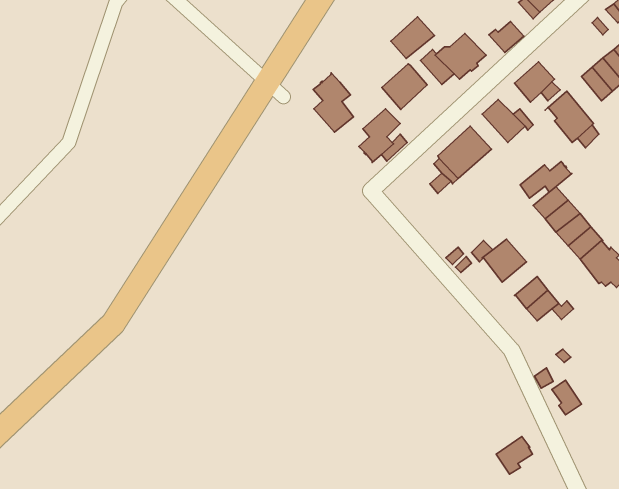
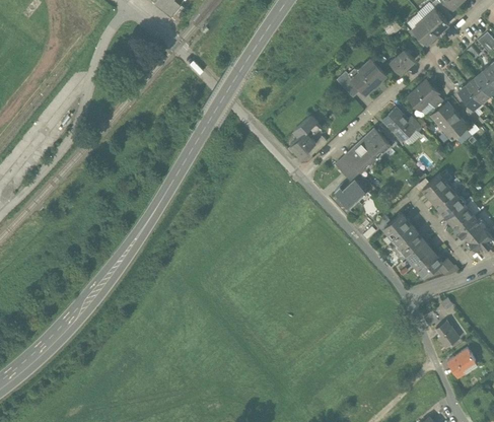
building: [391,17,434,58] -> none
building: [382,64,427,109] -> none
building: [313,73,354,132] -> none
building: [520,161,572,198] -> none
building: none -> [335,178,367,208]
building: none -> [394,231,425,262]
building: [496,437,532,474] -> [447,348,475,376]

